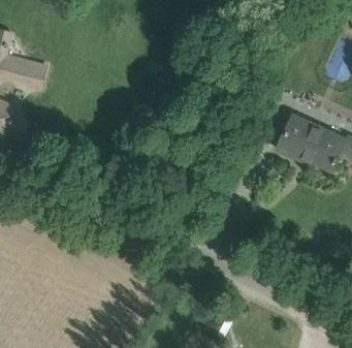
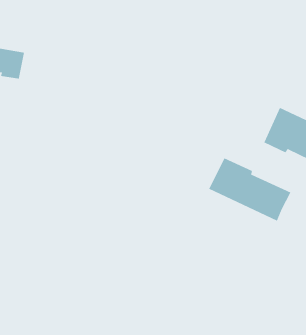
building: none -> [208,157,291,221]

